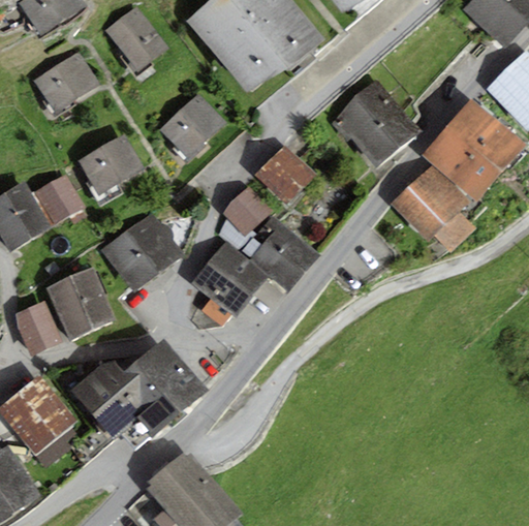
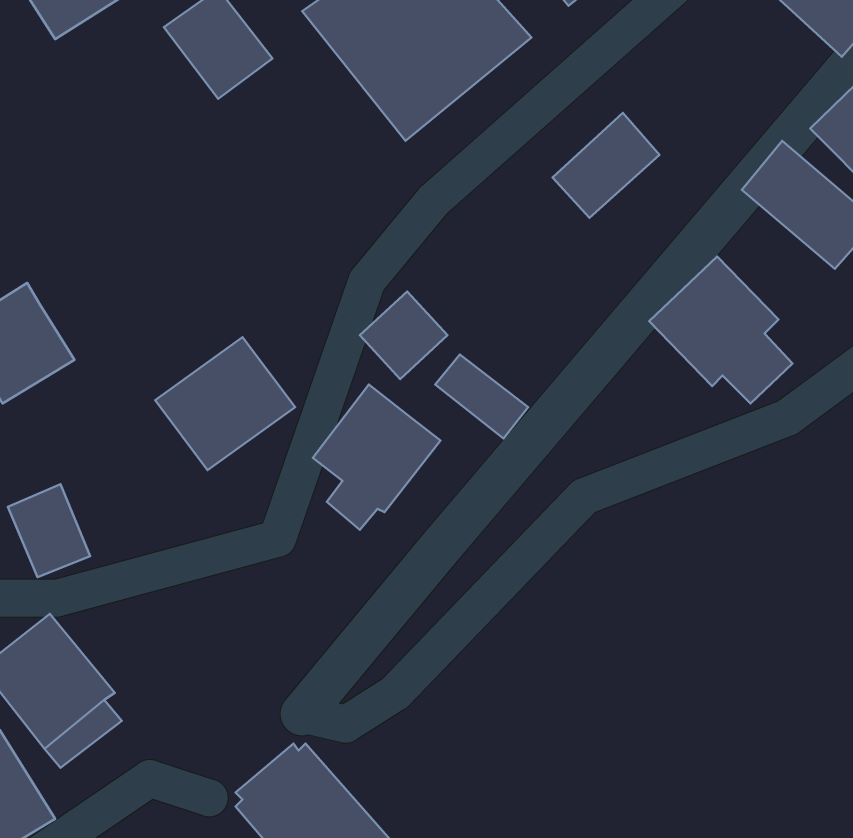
building: [33,52,98,113] -> none
building: [158,93,225,161] -> none
building: [355,105,421,168] -> none
building: [421,126,500,202] -> none
building: [76,133,144,195] -> none
building: [254,144,315,205] -> none
building: [31,174,85,226] -> none
building: [250,241,305,291] -> none
building: [46,268,116,341] -> none
building: [72,338,208,437] -> none

